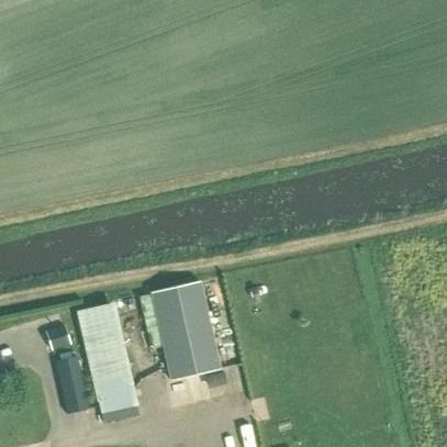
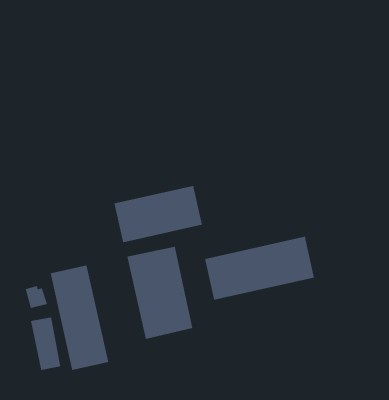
building: none -> [114,185,202,243]
building: none -> [204,236,315,301]

